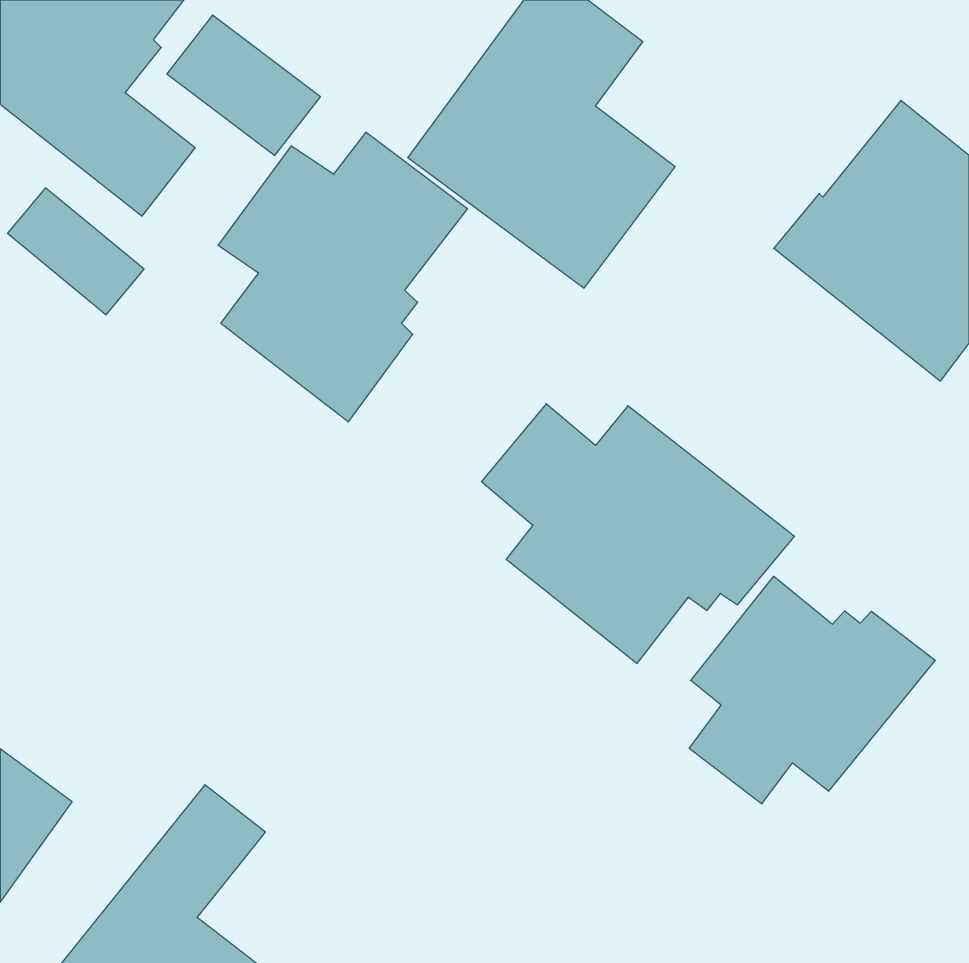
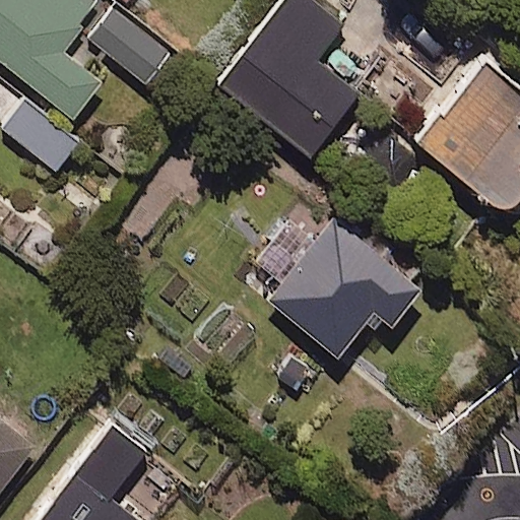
building: [218,132,467,422] -> none
building: [689,576,935,804] -> none

